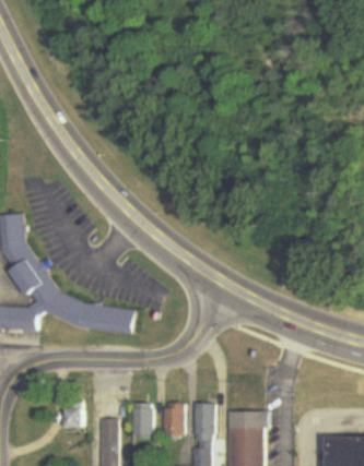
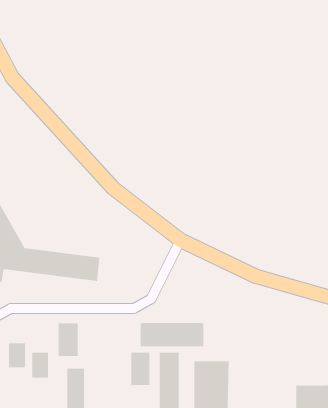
building: none -> [140,322,204,347]
building: none -> [9,342,25,368]
building: [132,404,153,438] -> [58,323,78,357]

